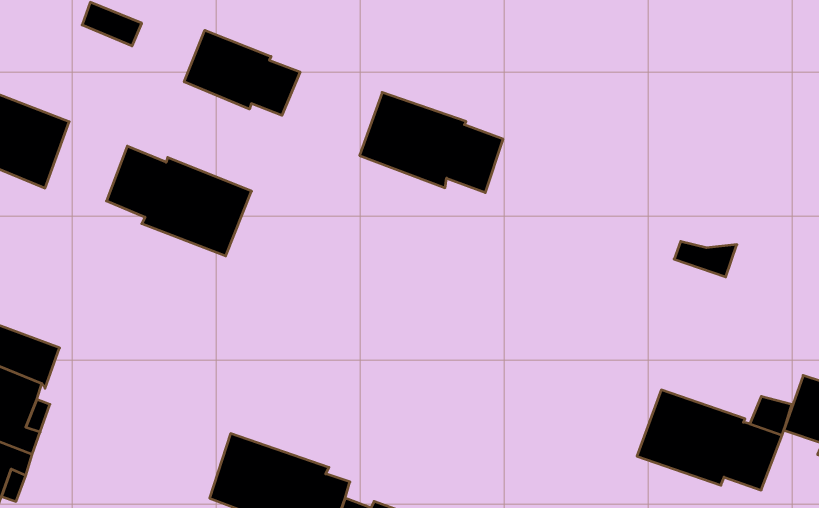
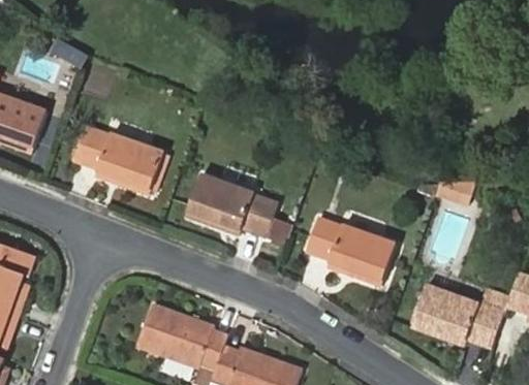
building: [184,30,300,115] -> none
building: [360,92,503,193] -> [183,174,275,238]
building: none -> [304,214,395,284]

